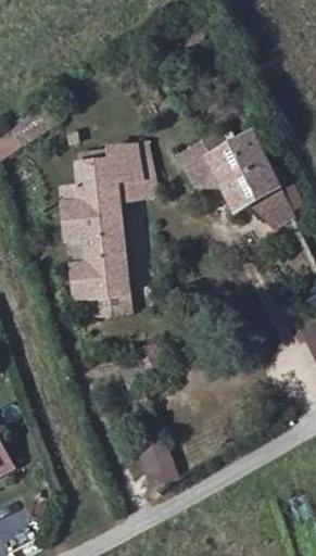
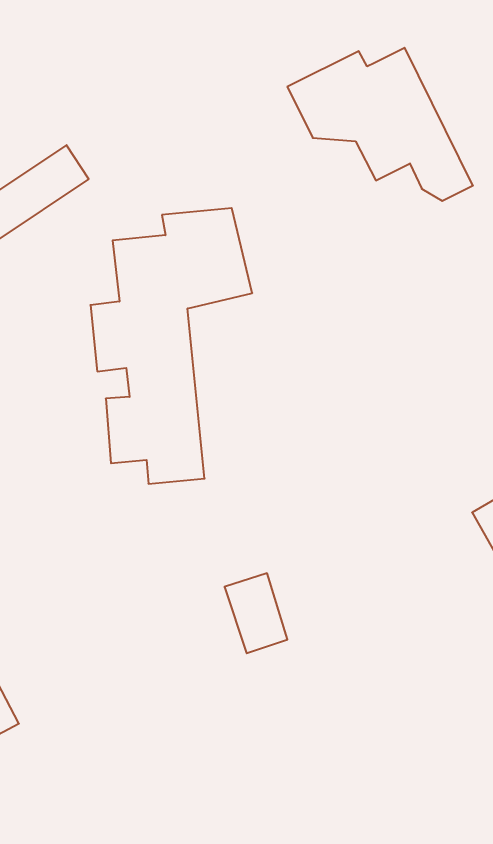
building: [175,129,293,227] -> [287,48,473,201]
building: [139,434,179,485] -> [224,573,287,653]

